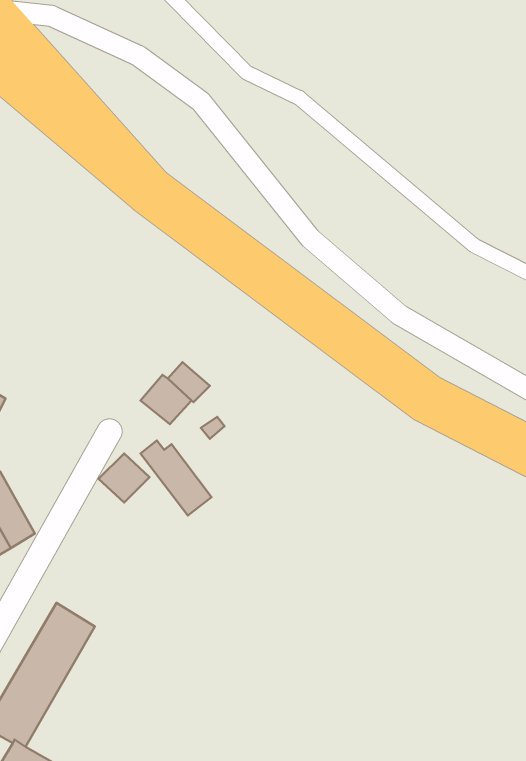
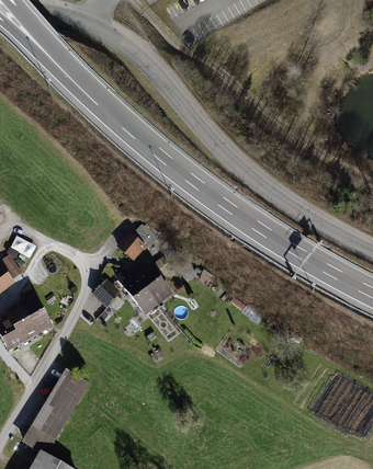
building: none -> [135,263,173,306]

